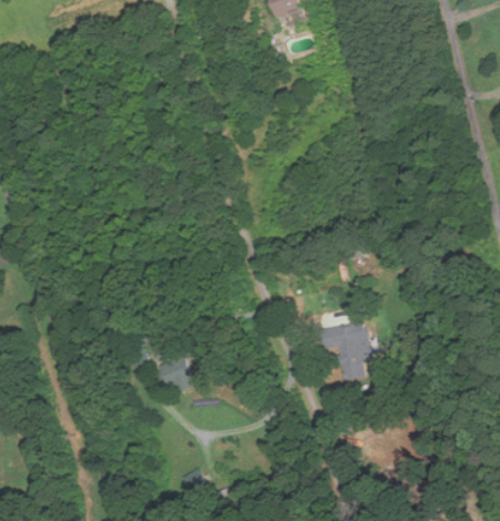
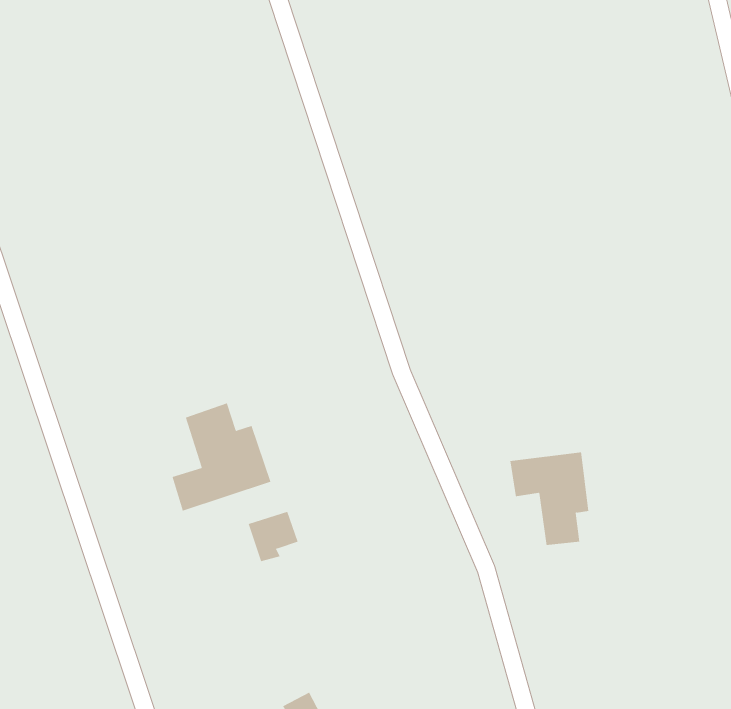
building: none -> [172,403,271,512]

